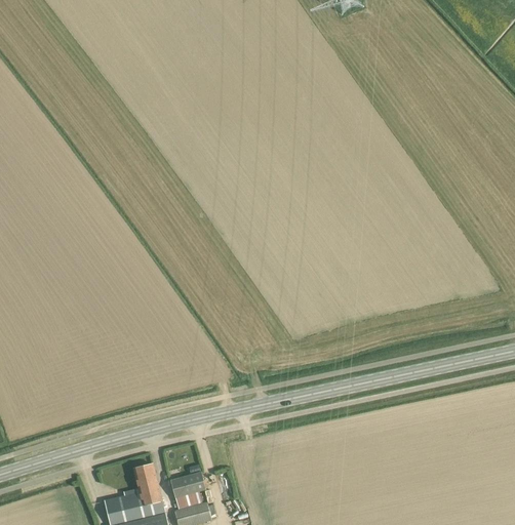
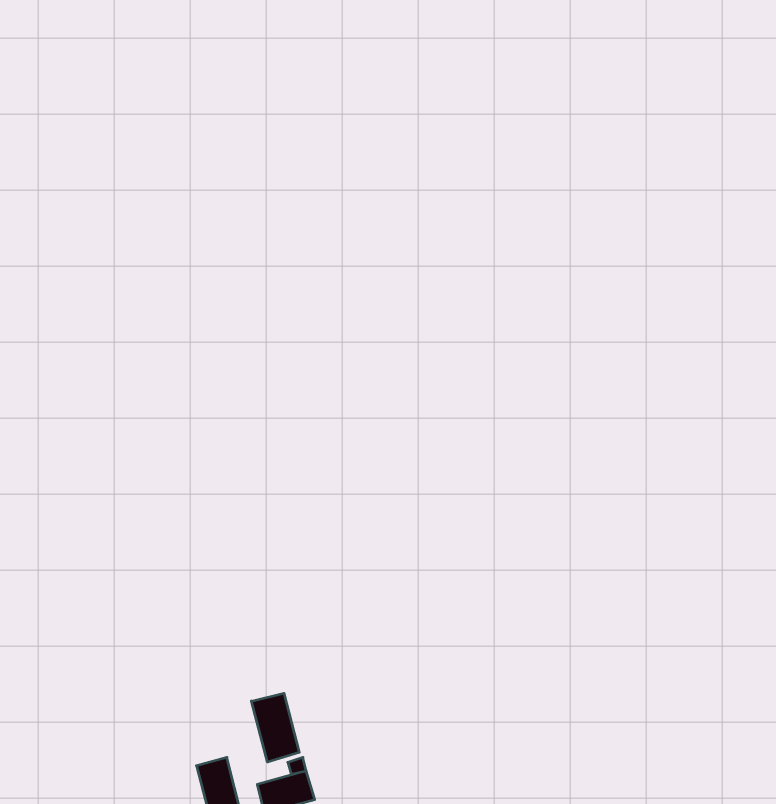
building: none -> [251,693,299,762]

